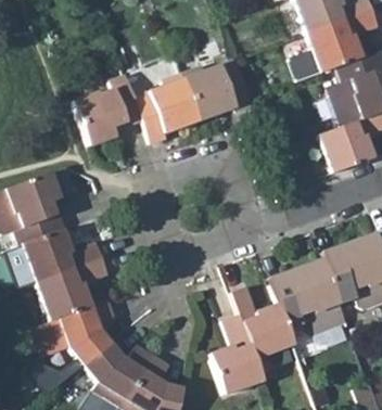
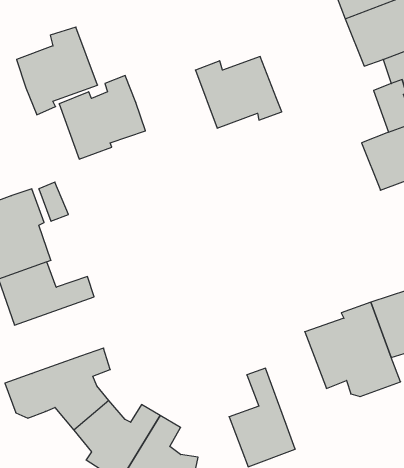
building: [136,74,201,144] -> [17,27,98,115]
building: [38,256,109,318] -> none
building: [231,285,294,358] -> none

